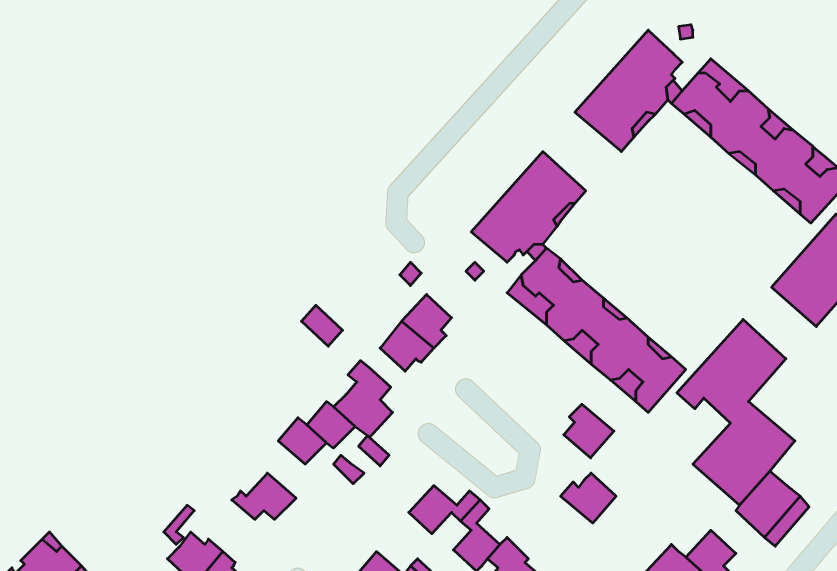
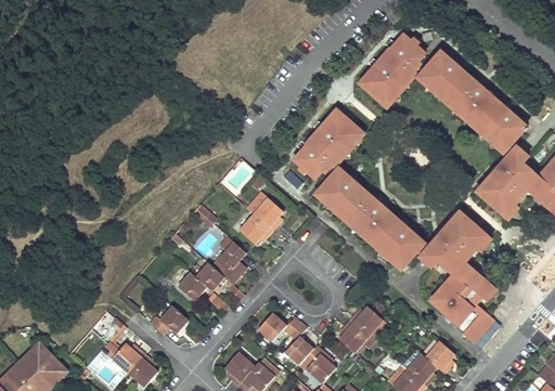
building: [564,404,614,458] -> [338,320,369,352]

